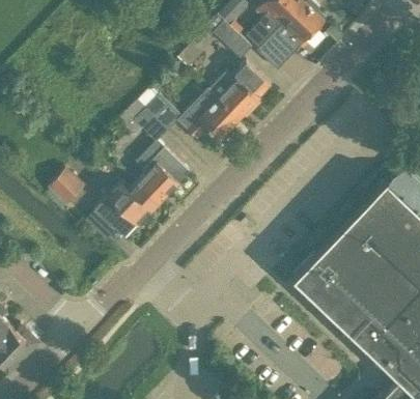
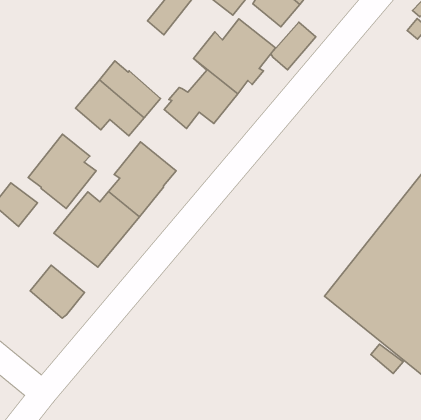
building: none -> [271,22,316,70]
building: none -> [28,134,96,208]
building: none -> [30,265,85,318]

